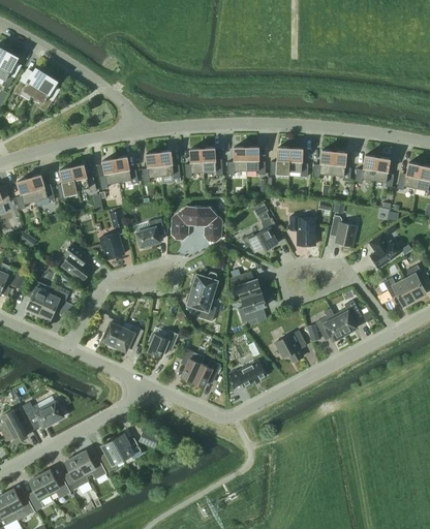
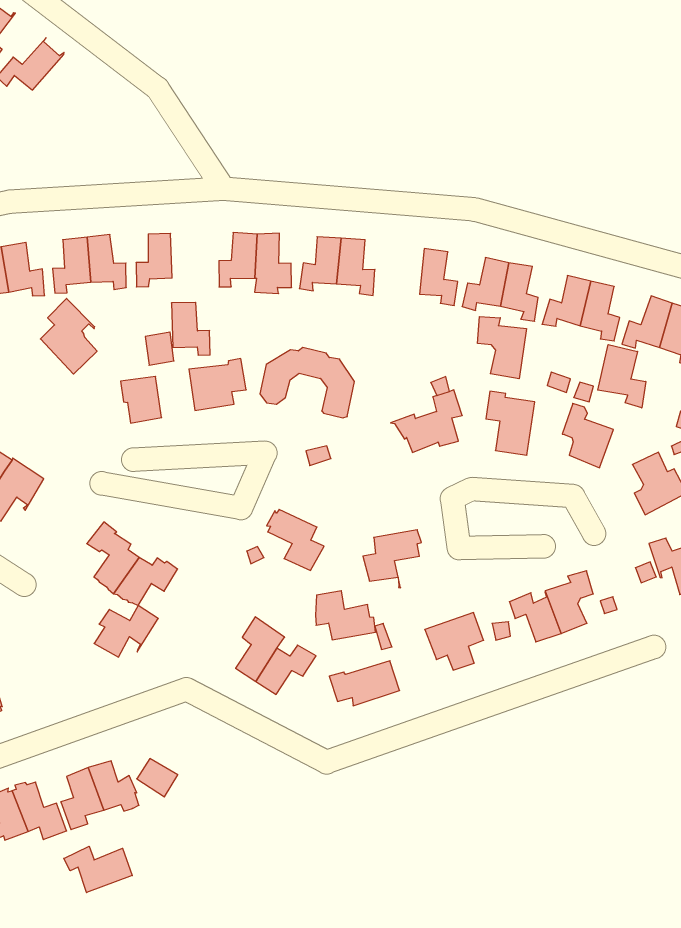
building: [32,75,57,113] -> none
building: [226,148,246,176] -> none
building: [114,157,137,184] -> [171,302,210,355]
building: none -> [478,317,526,379]
building: none -> [598,345,646,408]
building: [61,244,91,282] -> [40,298,97,374]
building: [189,273,216,299] -> none
building: [229,274,263,300] -> [316,591,376,640]
building: [147,330,178,357] -> [94,606,158,657]
building: none -> [64,846,132,893]

